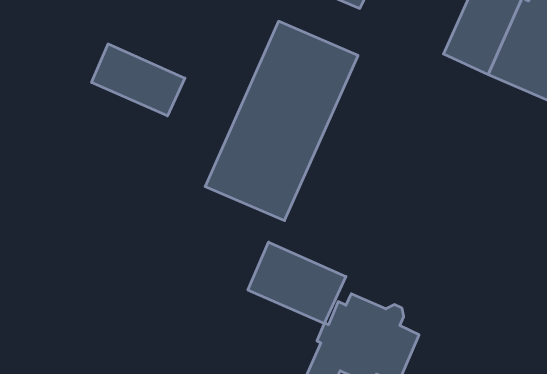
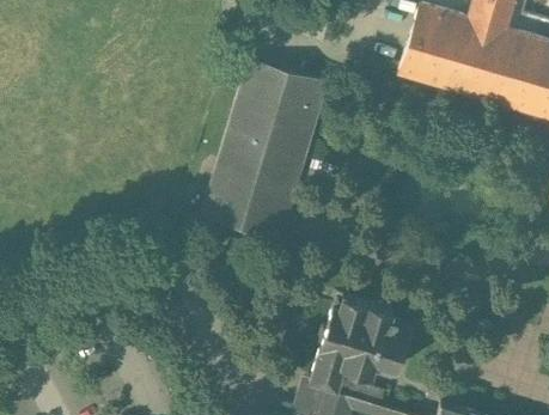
building: [92,44,185,116] -> none
building: [248,242,346,324] -> none

